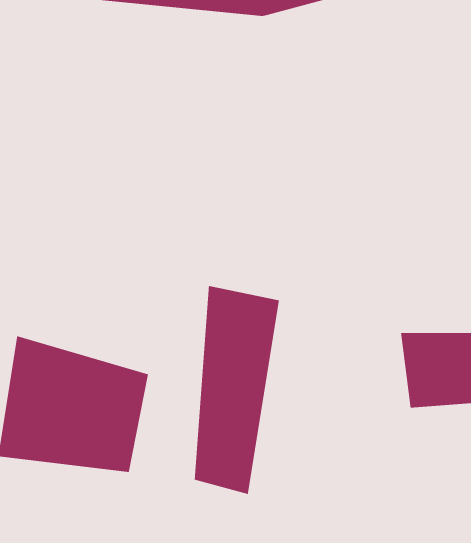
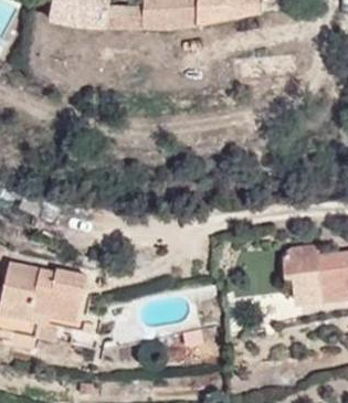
building: [194,285,279,495] -> none

